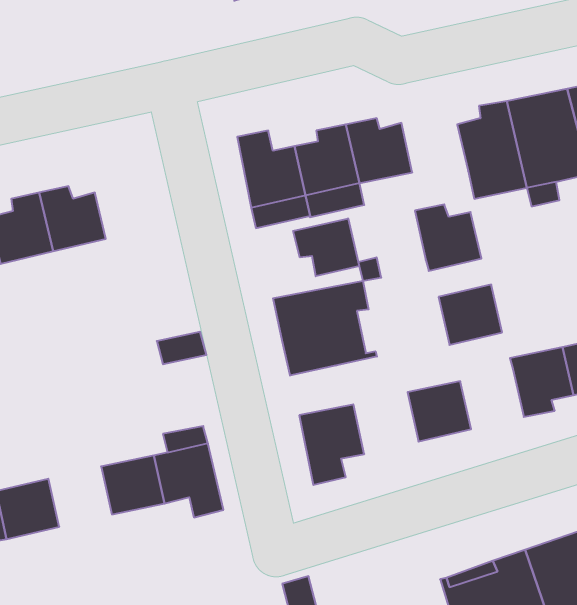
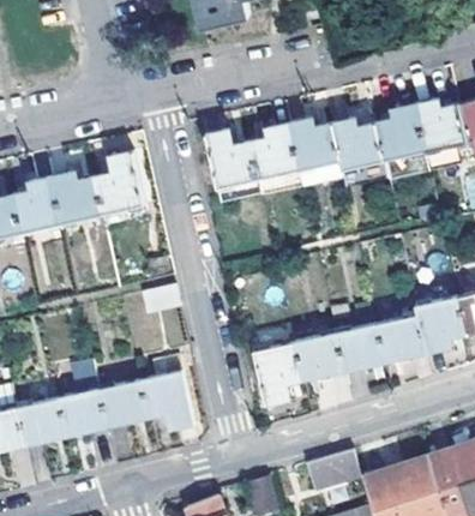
building: none -> [94,151,144,212]
building: [415,204,481,271] -> [331,118,383,169]
building: [293,218,359,276] -> none
building: [273,281,377,376] -> none
building: [439,285,502,345] -> [377,313,426,360]
building: none -> [294,331,344,379]
building: none -> [58,389,107,436]
building: none -> [307,446,361,487]

